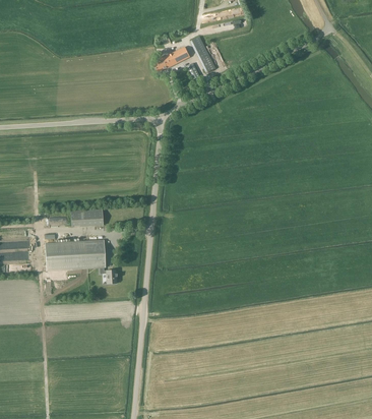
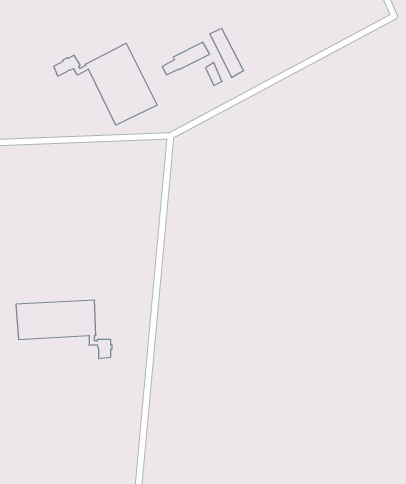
building: none -> [54,43,157,125]
building: [71,208,103,226] -> none

